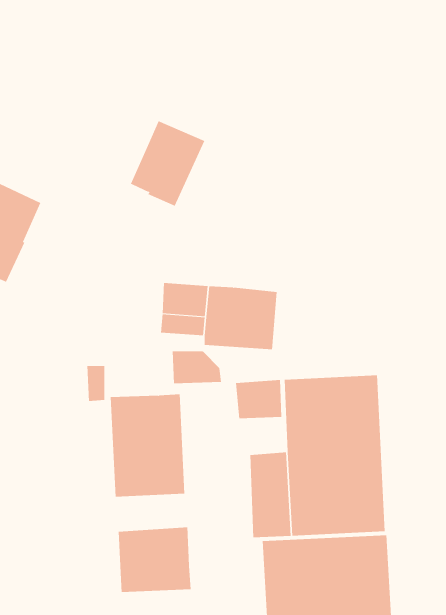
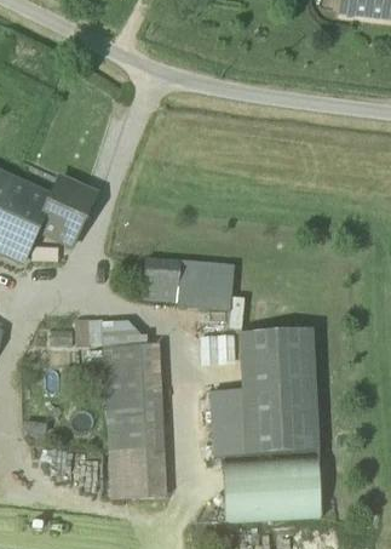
building: [130,120,205,207] -> [38,177,96,244]
building: [172,351,222,384] -> [103,321,142,347]
building: none -> [108,422,165,451]

